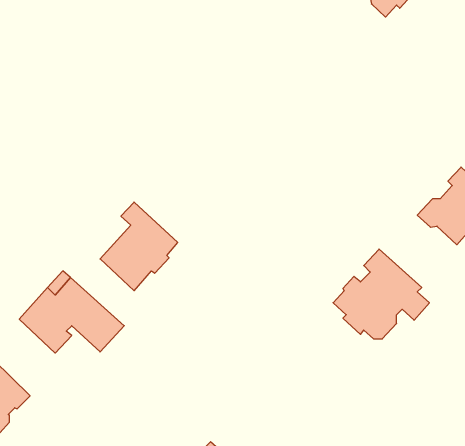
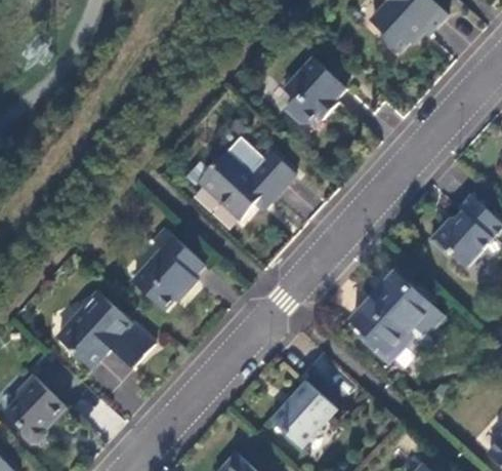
building: none -> [283,57,346,122]
building: none -> [199,136,295,220]
building: none -> [271,382,336,448]

